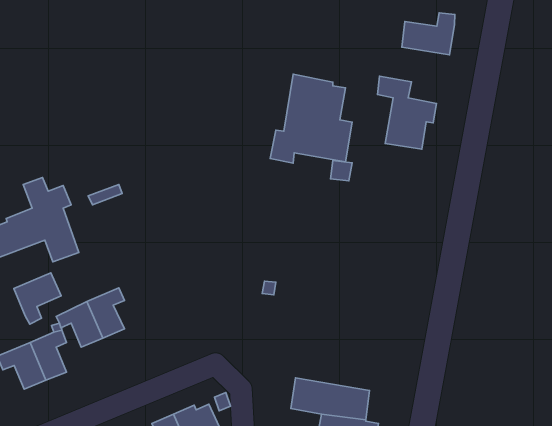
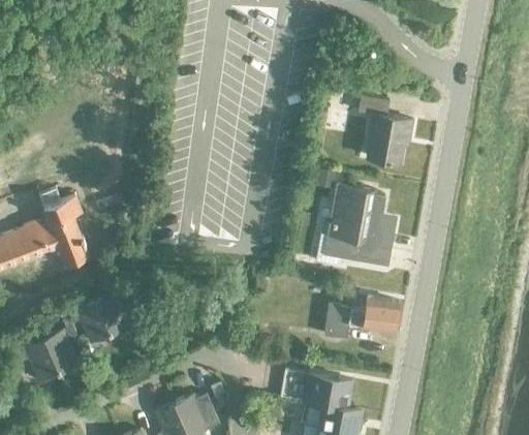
building: [402,13,455,55] -> none
building: [270,74,352,163] -> [317,184,392,265]
building: [14,273,61,324] -> none
building: none -> [325,298,399,338]

